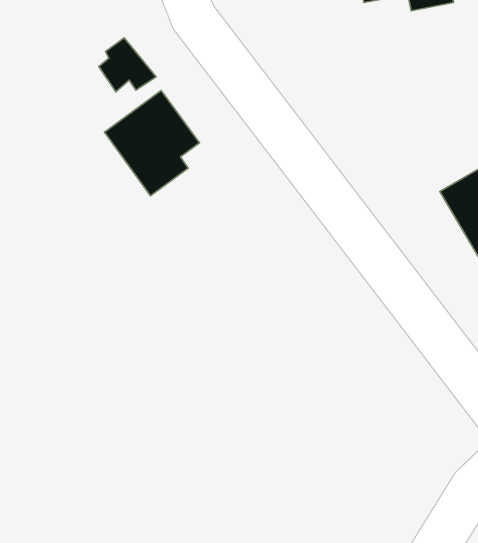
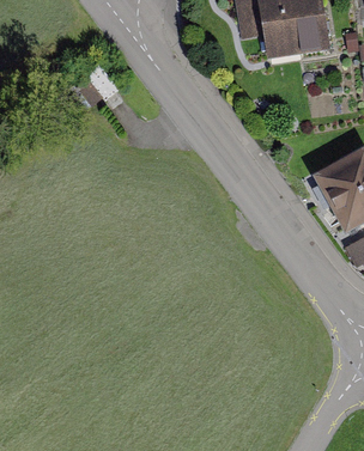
building: [104,90,200,196] -> none

